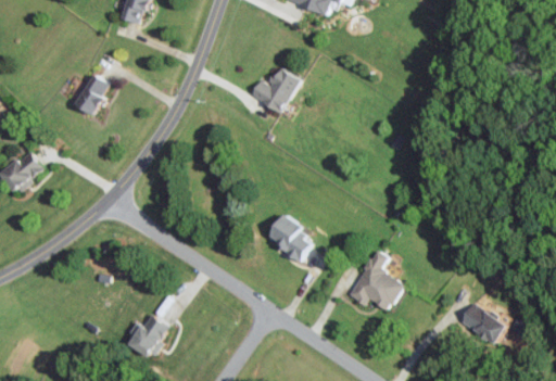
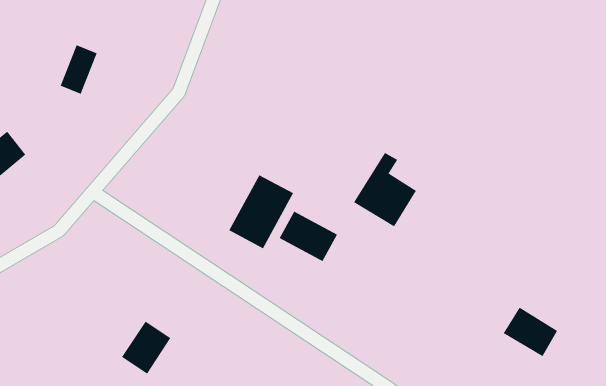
building: [250,68,298,113] -> none
building: none -> [229,174,294,249]
building: [350,250,405,315] -> [353,152,417,227]

